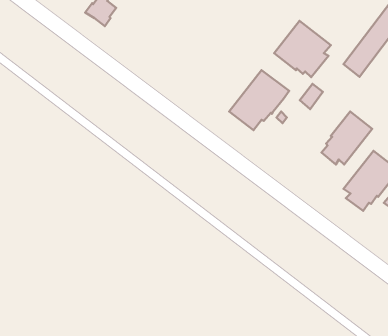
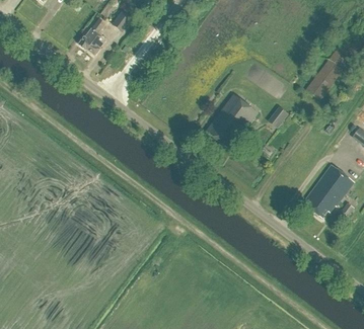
building: [274,21,331,77] -> none
building: [321,111,372,165] -> none

